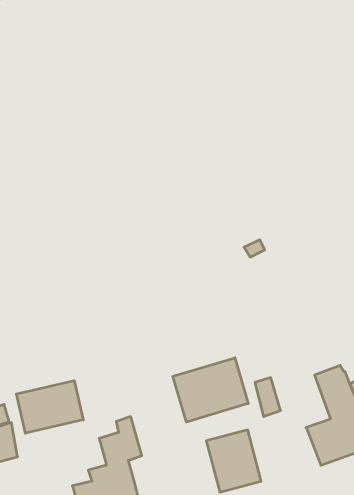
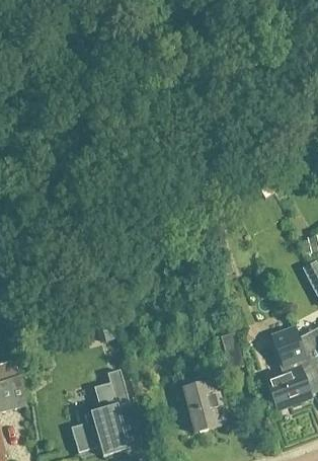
building: [173,358,248,422] -> none
building: [16,381,83,433] -> none

